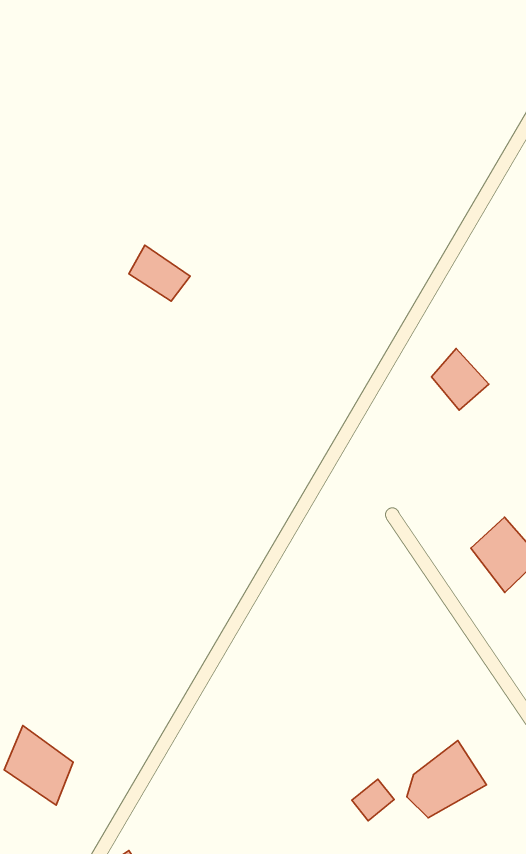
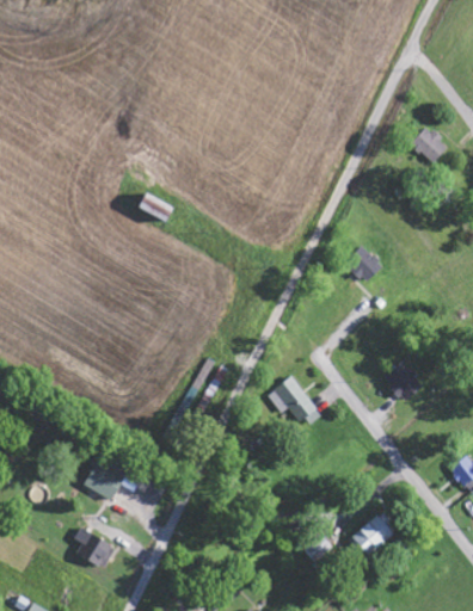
building: none -> [270,375,324,437]
building: none -> [82,462,124,504]

